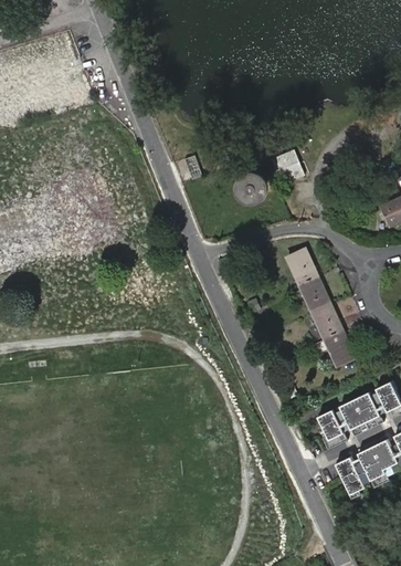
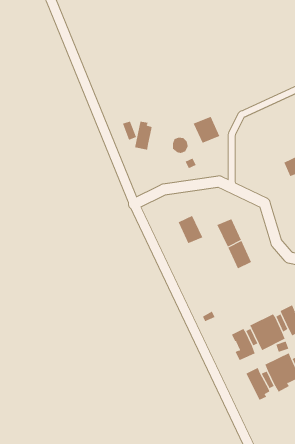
building: none -> [135,121,152,150]
building: [286,248,317,283] -> [178,215,203,244]
building: [314,328,355,365] -> none

